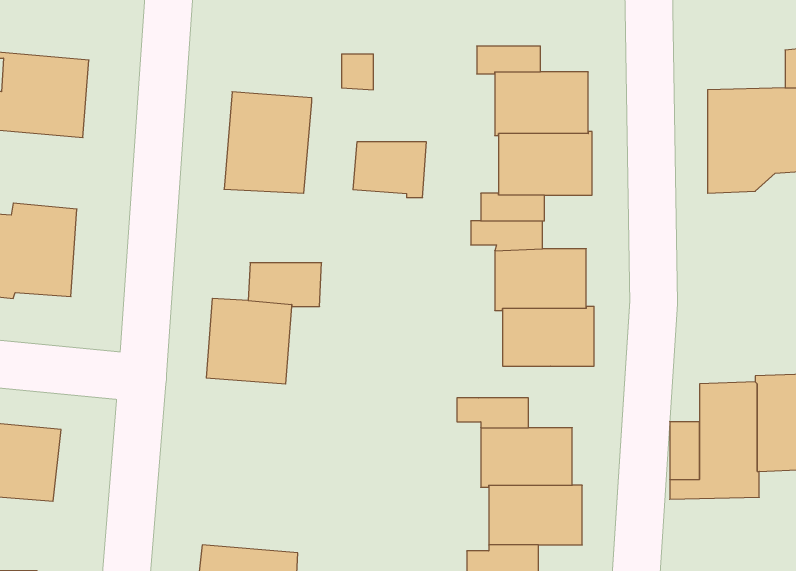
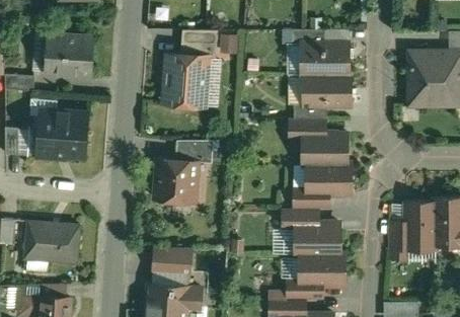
building: [353,142,426,198] -> [180,30,218,59]
building: none -> [293,193,329,210]
building: none -> [153,247,191,274]

